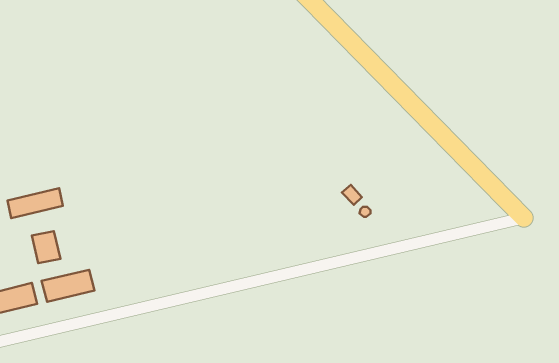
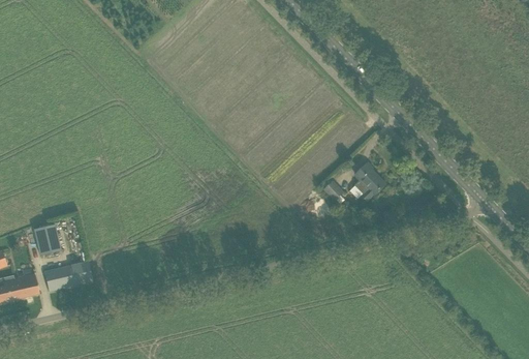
building: none -> [353,163,384,201]
building: [8,188,63,218] -> none

